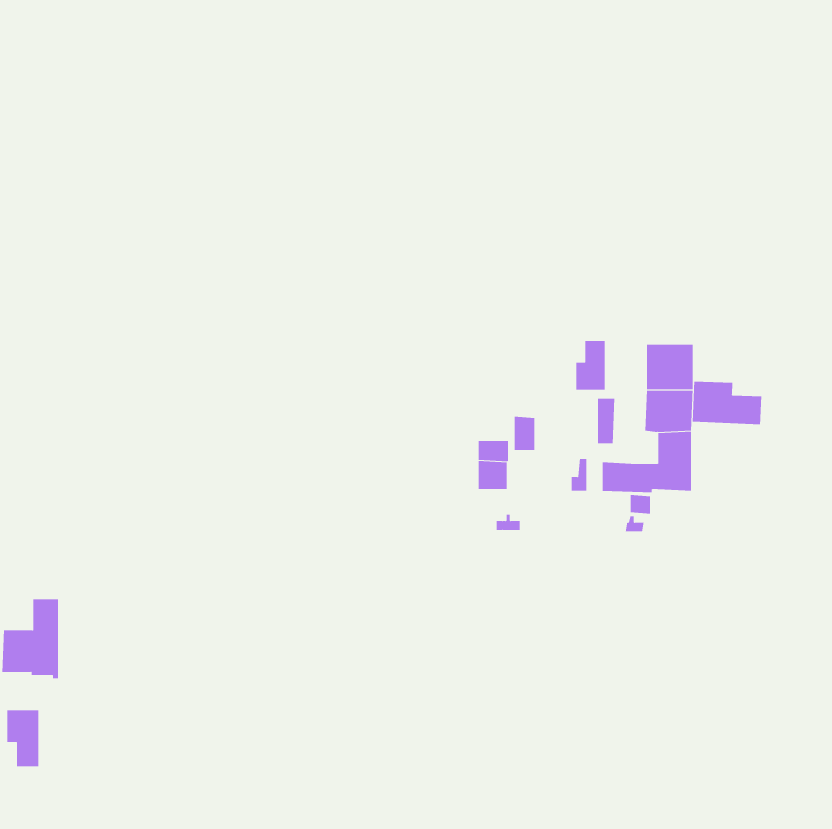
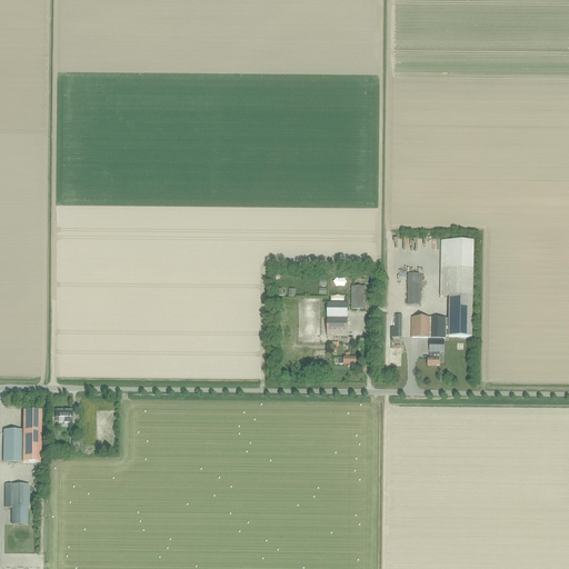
building: [576,340,605,391] -> none
building: [692,381,762,425] -> none

